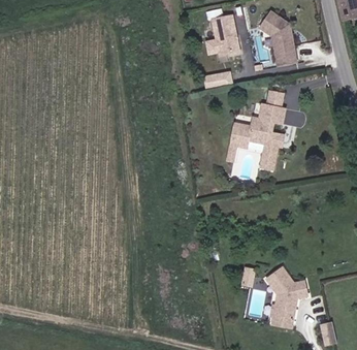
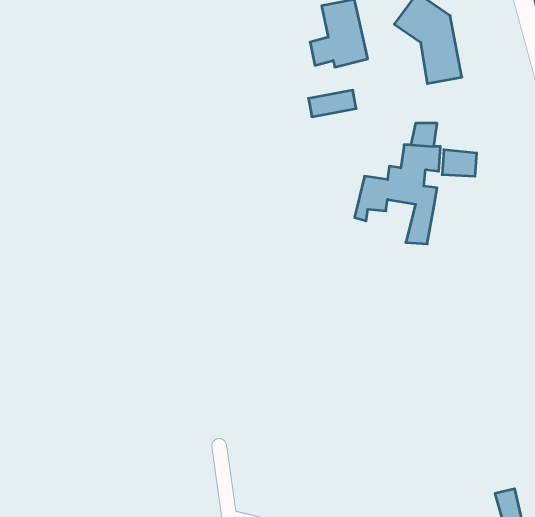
building: [263,264,306,317] -> none

